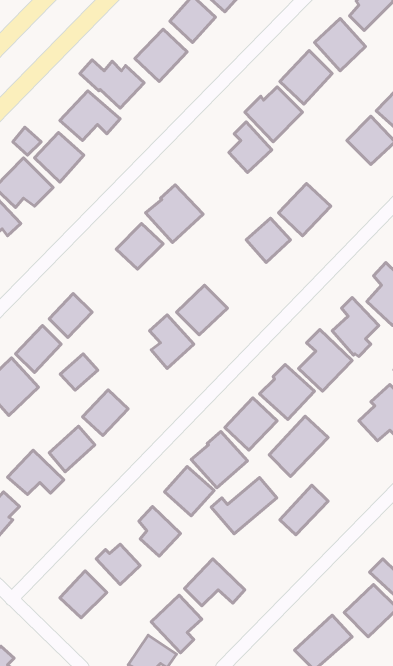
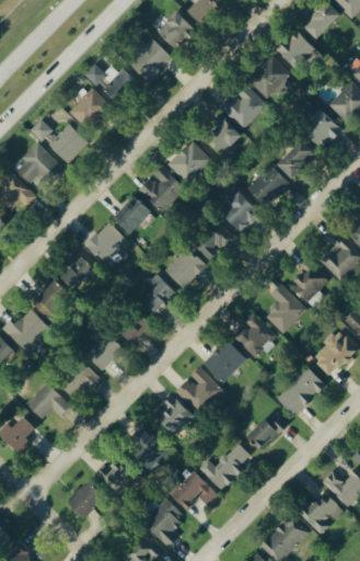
building: none -> [277,139,314,178]
building: none -> [167,140,210,184]
building: none -> [193,220,233,261]
building: none -> [84,222,127,265]
building: [60,354,98,390] -> [119,312,150,342]
building: [269,416,328,476] -> [277,367,325,416]
building: [211,478,277,534] -> [199,444,253,490]

